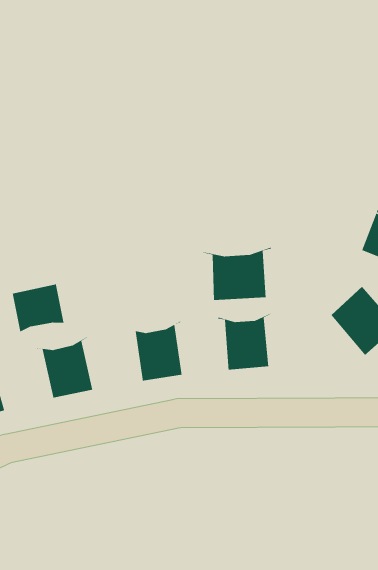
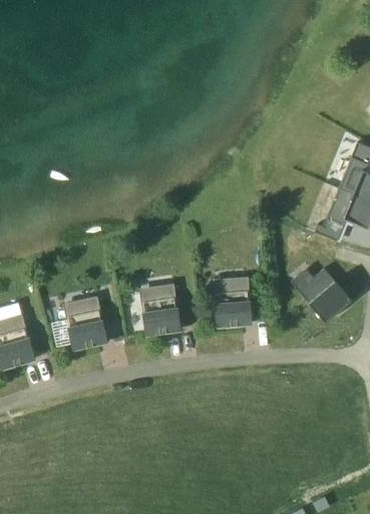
building: [202,247,273,301] -> none
building: [12,284,72,336] -> none

